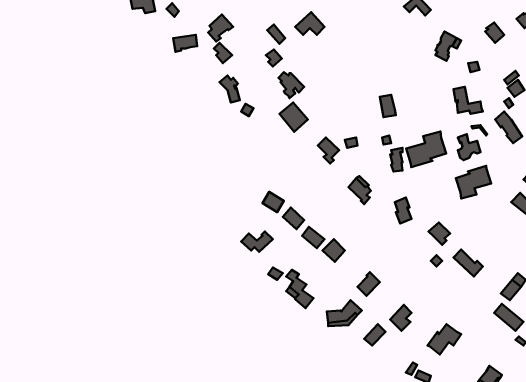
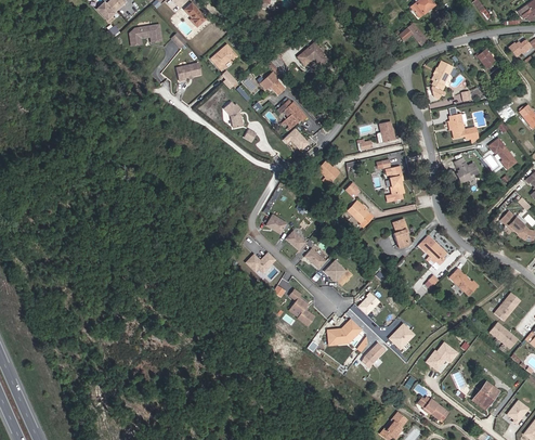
building: [406,132,446,167] -> none
building: [456,166,491,198] -> none

